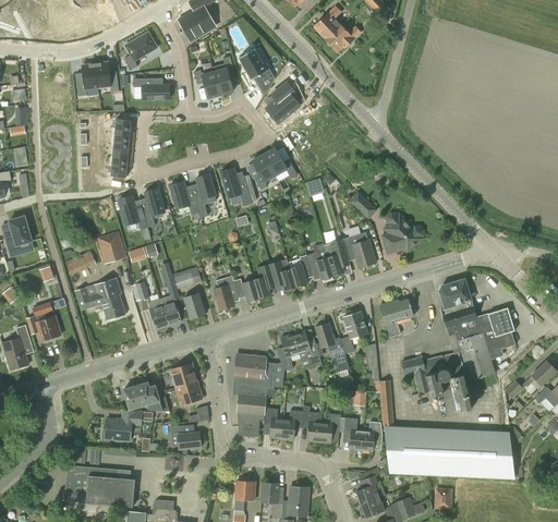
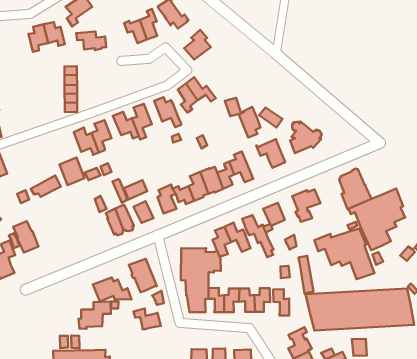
building: [324,238,349,275] -> [239,107,260,138]
building: [74,277,126,319] -> none
building: [361,421,383,451] -> none

